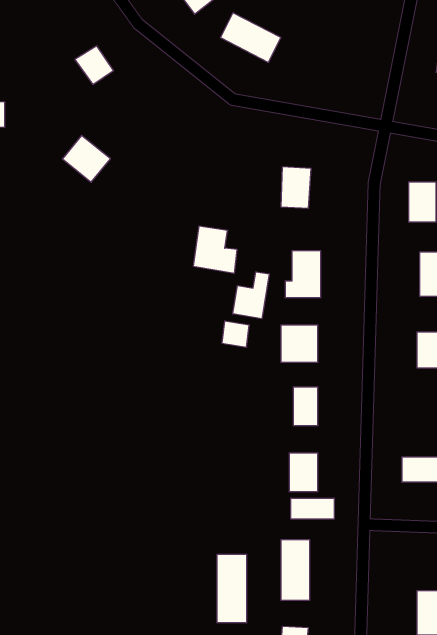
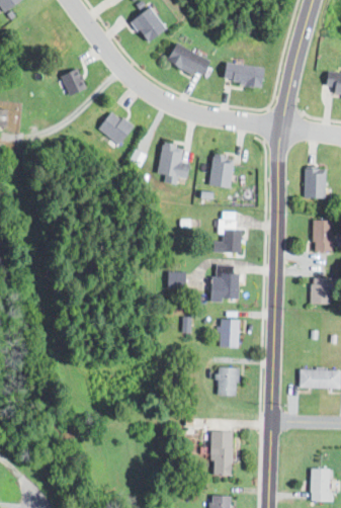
building: none -> [223,63,265,87]
building: [62,135,110,182] -> [99,109,135,144]
building: [193,226,237,273] -> [159,144,191,178]
building: [233,272,269,319] -> none
building: [291,498,334,519] -> none
building: [217,554,247,623] -> none

